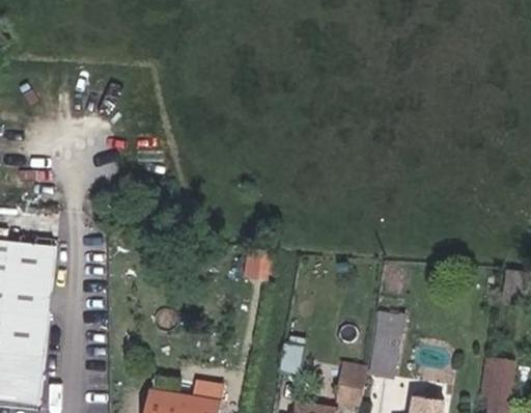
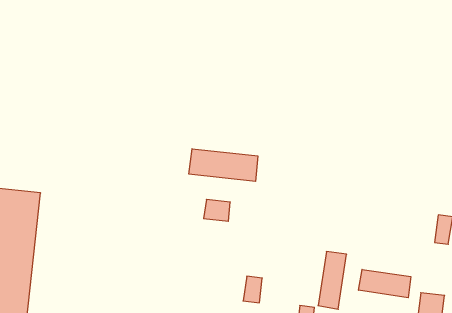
building: none -> [189,149,258,181]
building: none -> [359,269,411,298]

